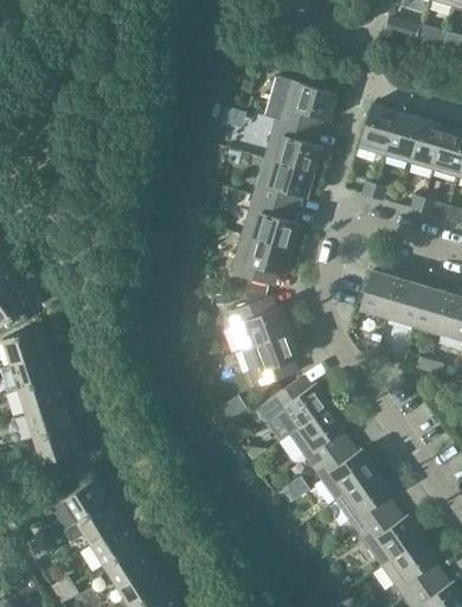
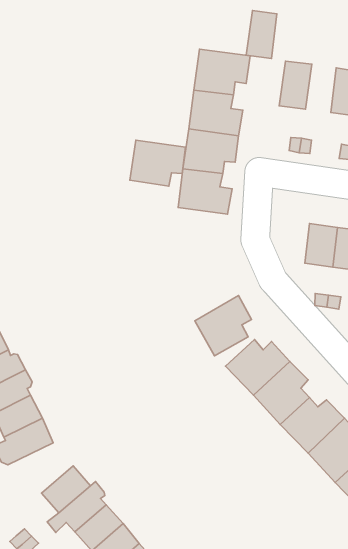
building: [383,111,419,162] -> [246,10,277,59]
building: [229,235,289,286] -> [130,140,185,186]
building: [226,299,288,351] -> none

